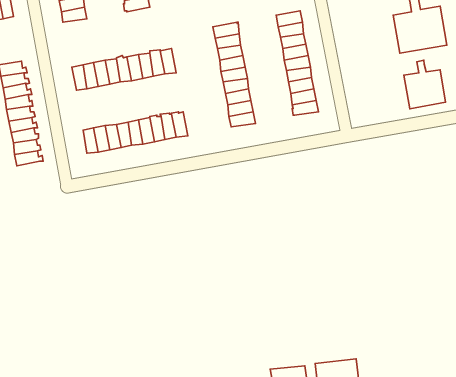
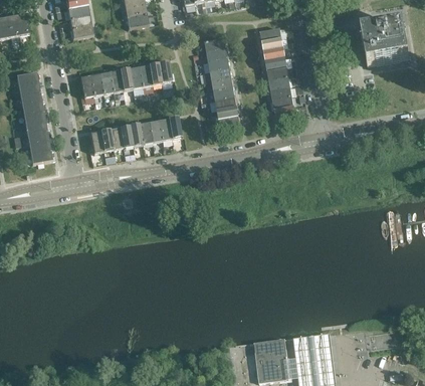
building: [404,60,446,109] -> none

